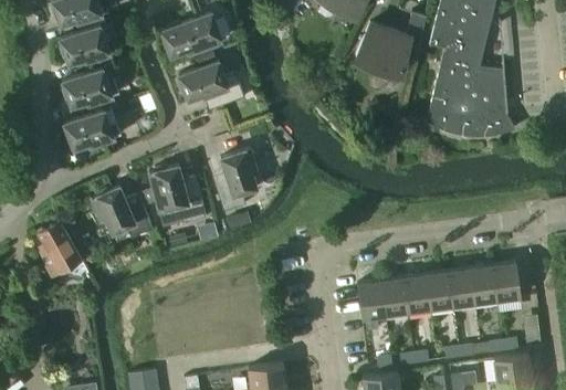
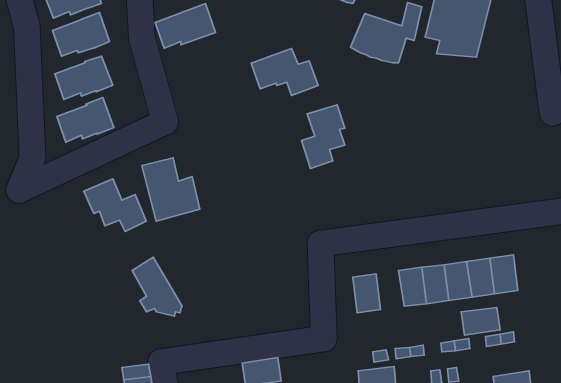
building: [178,61,244,107] -> [251,49,318,95]
building: [426,62,515,136] -> none
building: [214,148,258,211] -> [301,105,345,168]
building: [38,220,87,278] -> [132,257,182,316]
building: [380,276,408,315] -> none
building: [493,354,532,381] -> [461,307,500,335]

